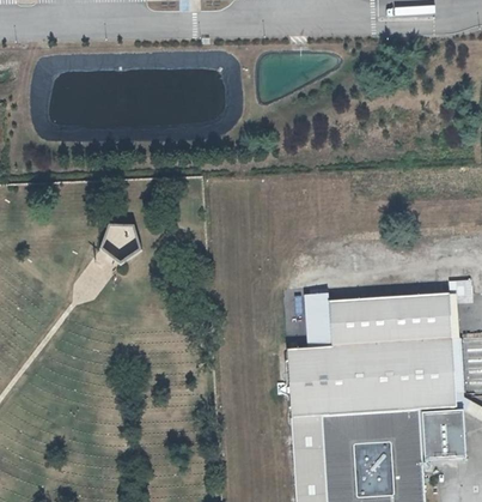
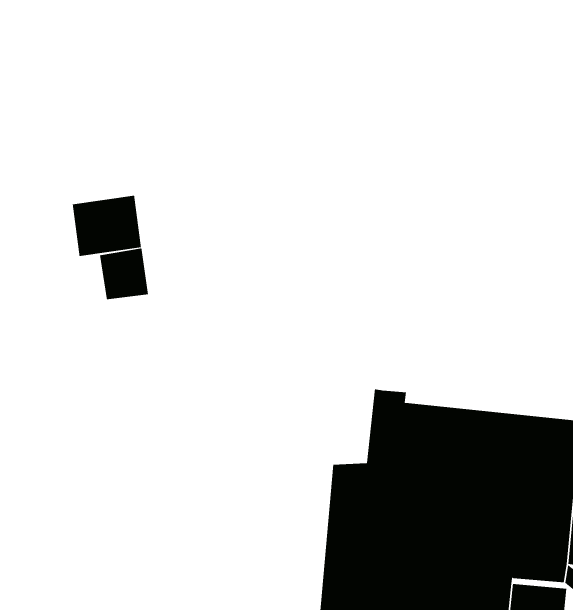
building: none -> [72,195,142,257]

